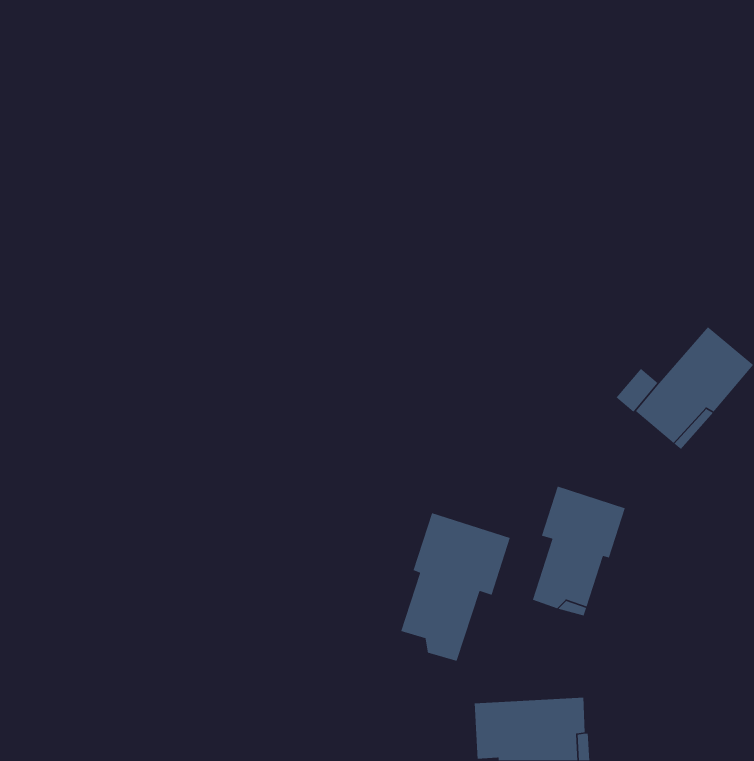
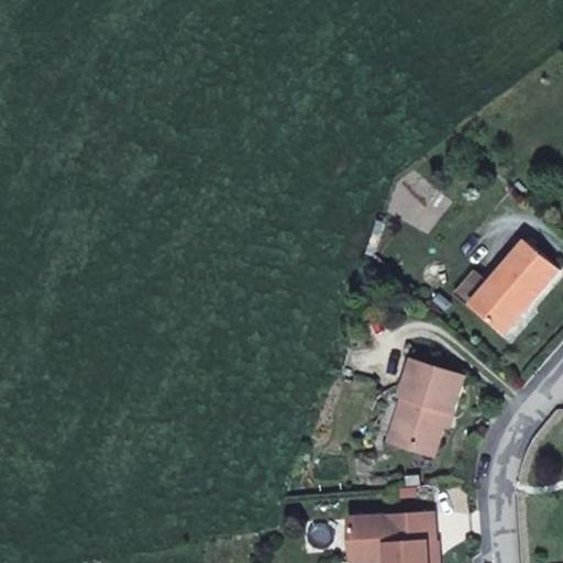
building: [400,512,511,662] -> none

